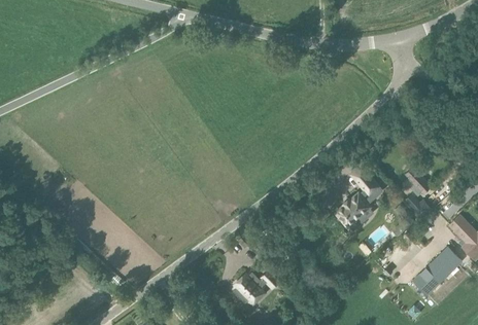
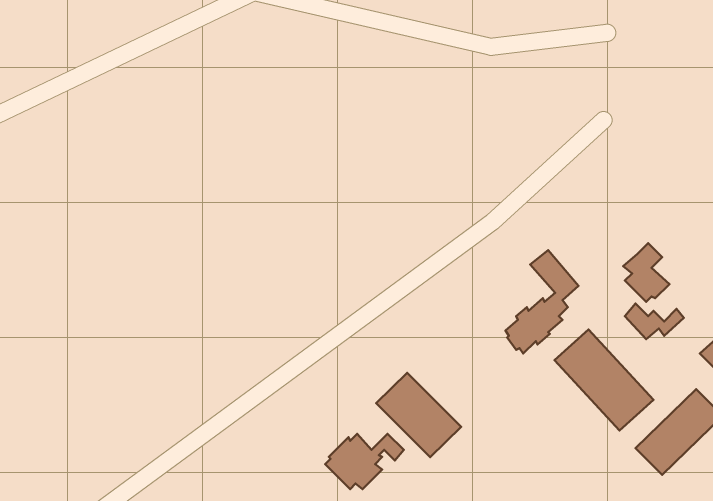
building: none -> [555,330,654,430]
building: none -> [376,373,461,457]

